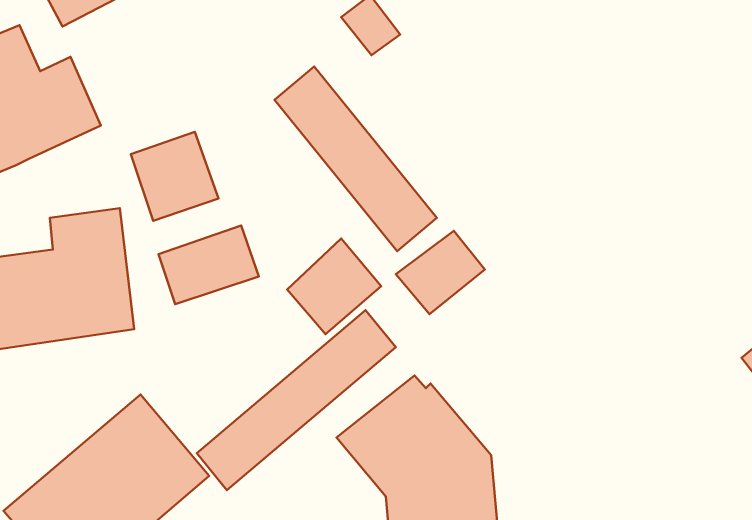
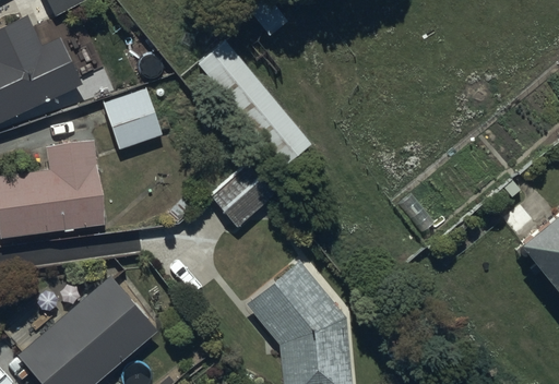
building: [159,225,259,304] -> none
building: [396,231,485,314] -> none
building: [197,310,396,490] -> none

